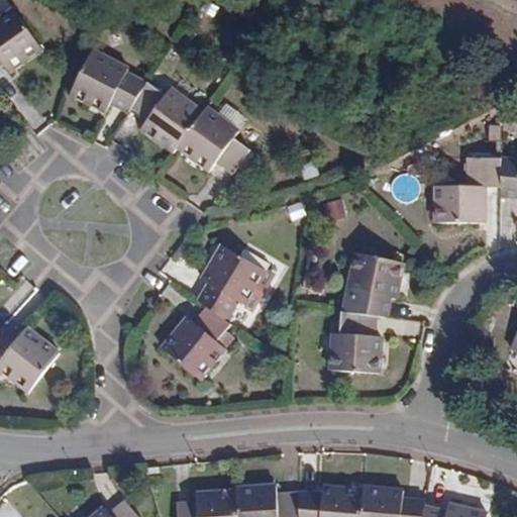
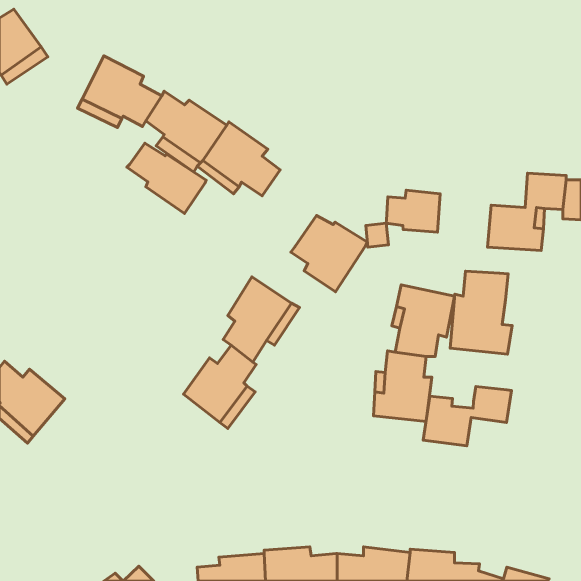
building: none -> [127,143,206,213]
building: none -> [386,190,440,232]
building: none -> [291,215,367,292]
building: none -> [450,271,512,354]
building: none -> [423,387,511,446]

